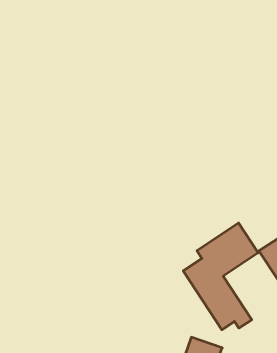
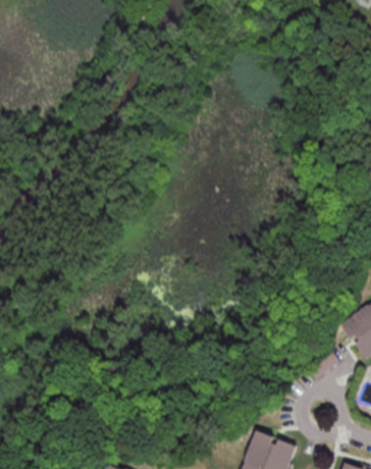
building: [183,223,258,330] -> none

